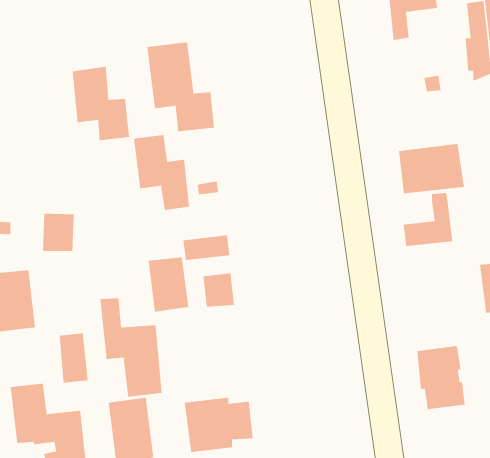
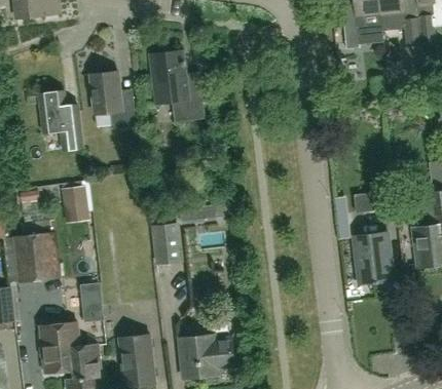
building: [133,135,190,211] -> [38,90,83,151]
building: [398,143,464,194] -> none
building: [203,272,235,308] -> none
building: [100,298,162,397] -> none
building: [416,346,465,410] -> [354,233,393,284]

